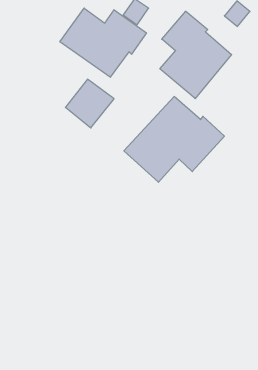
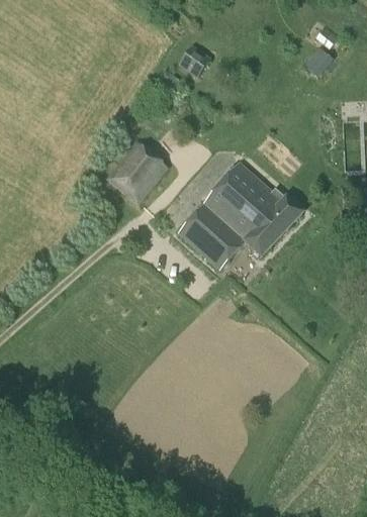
building: [60,8,146,77] -> none
building: [160,11,232,99] -> none

